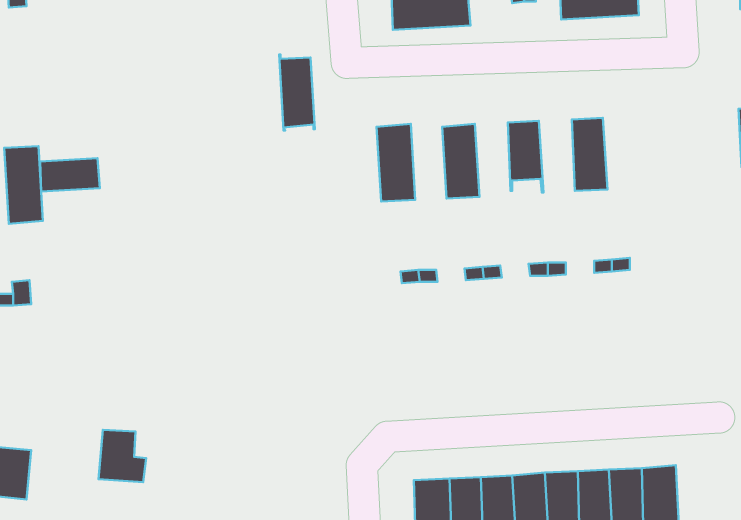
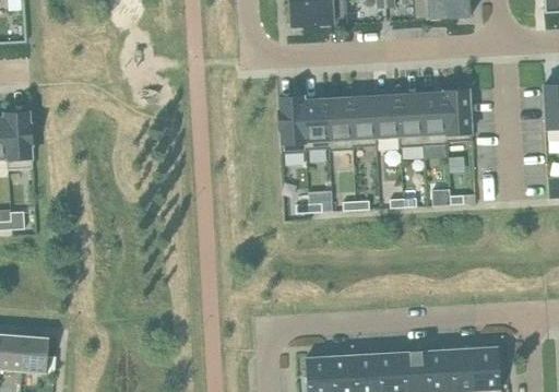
building: [279,55,315,131] -> [304,96,330,152]
building: none -> [444,90,472,144]
building: none -> [397,93,424,146]
building: none -> [350,95,377,150]
building: [40,158,100,192] -> none
building: [98,430,146,482] -> [22,335,57,373]

